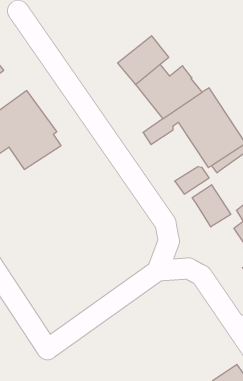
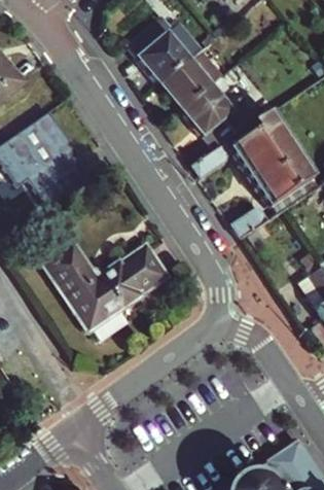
building: none -> [125,18,202,81]
building: [192,185,231,227] -> none
building: none -> [43,245,164,331]

